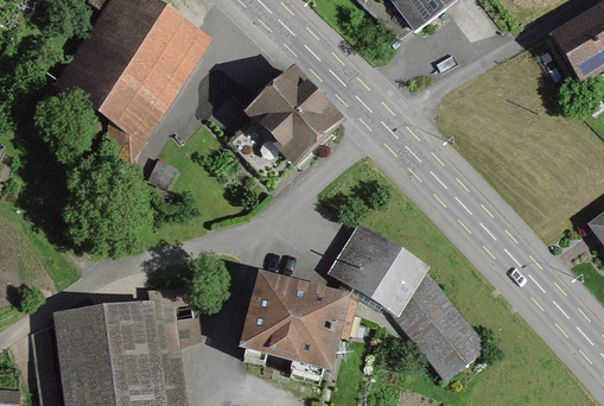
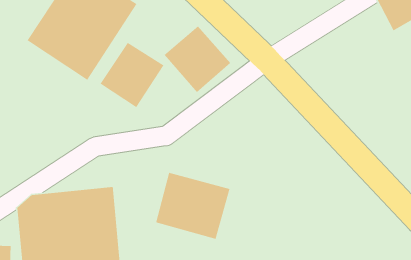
building: none -> [100,42,164,108]
building: [332,227,484,378] -> none

